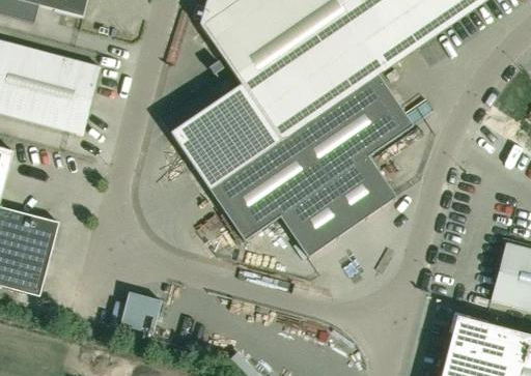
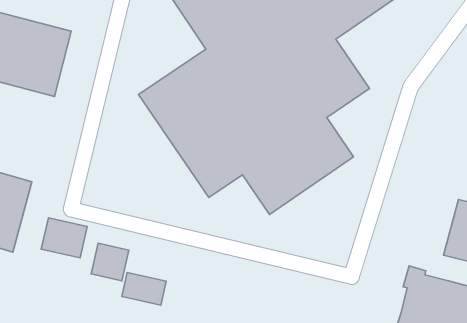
building: none -> [41,218,87,258]
building: none -> [122,272,166,305]

